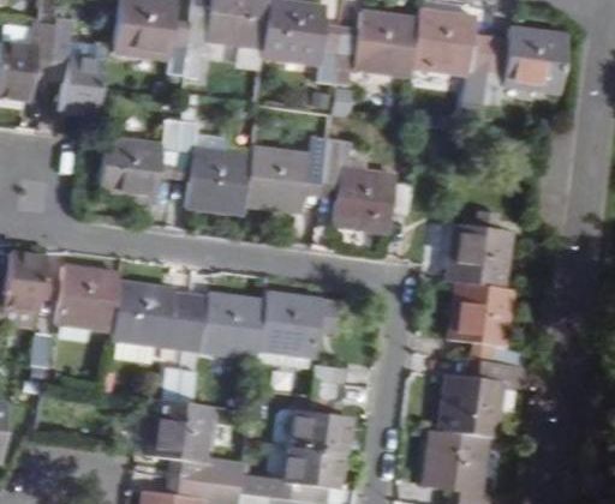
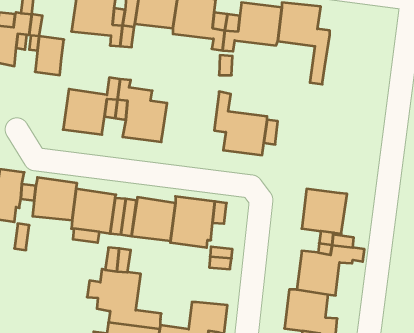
building: [480,28,566,103] -> none
building: [244,138,327,211] -> none
building: [444,211,509,287] -> none
building: [293,410,350,451] -> none

